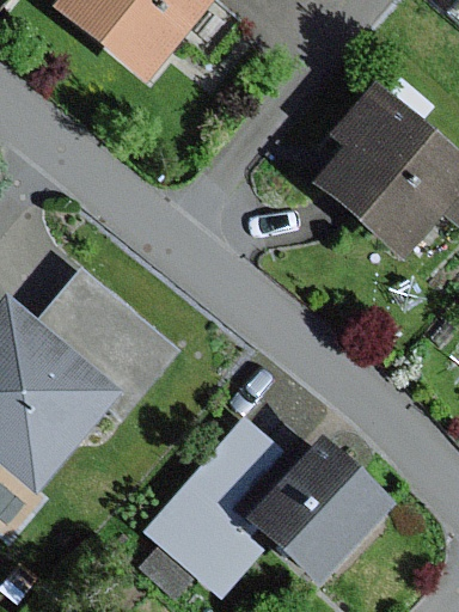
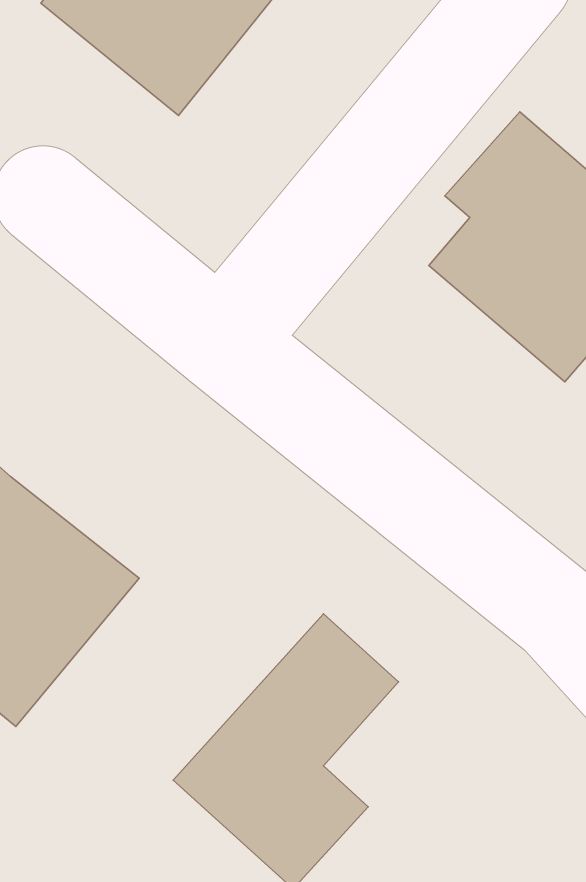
building: [33,264,180,403] -> none
building: [243,436,392,586] -> none

